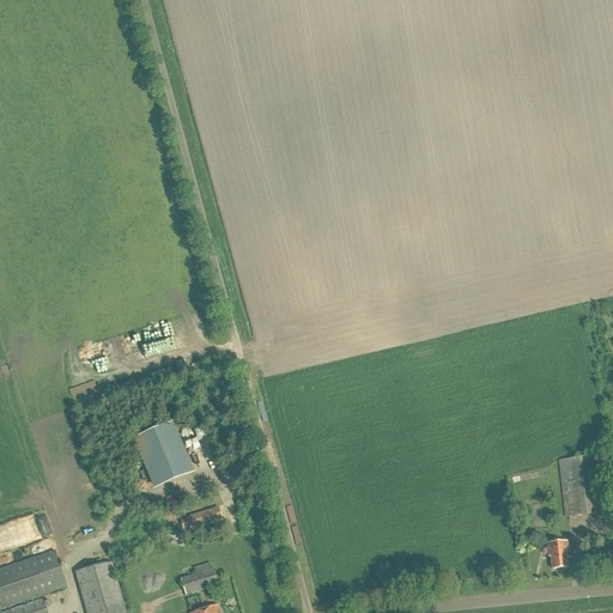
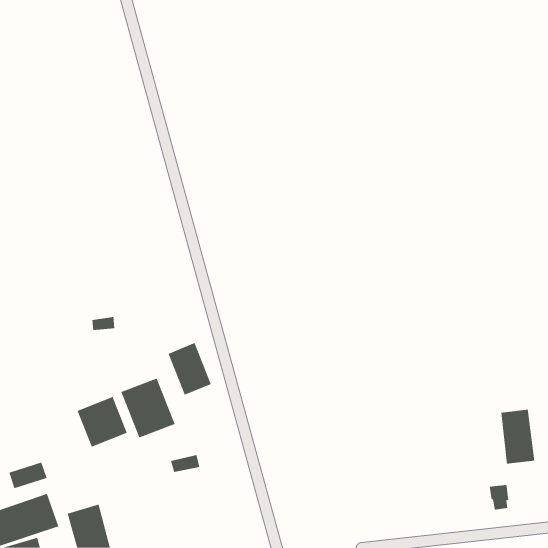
building: none -> [168,342,212,396]
building: none -> [77,396,127,448]
building: [178,566,217,594] -> none

